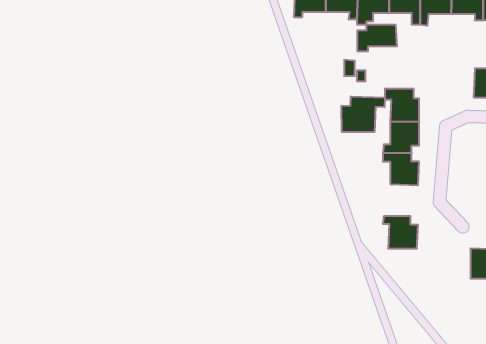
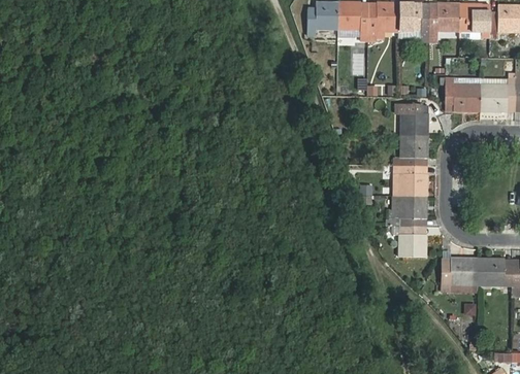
building: [357,25,397,51] -> none
building: none -> [446,77,482,111]
building: [342,96,385,132] -> none
building: none -> [388,195,427,226]
building: none -> [442,257,478,292]

